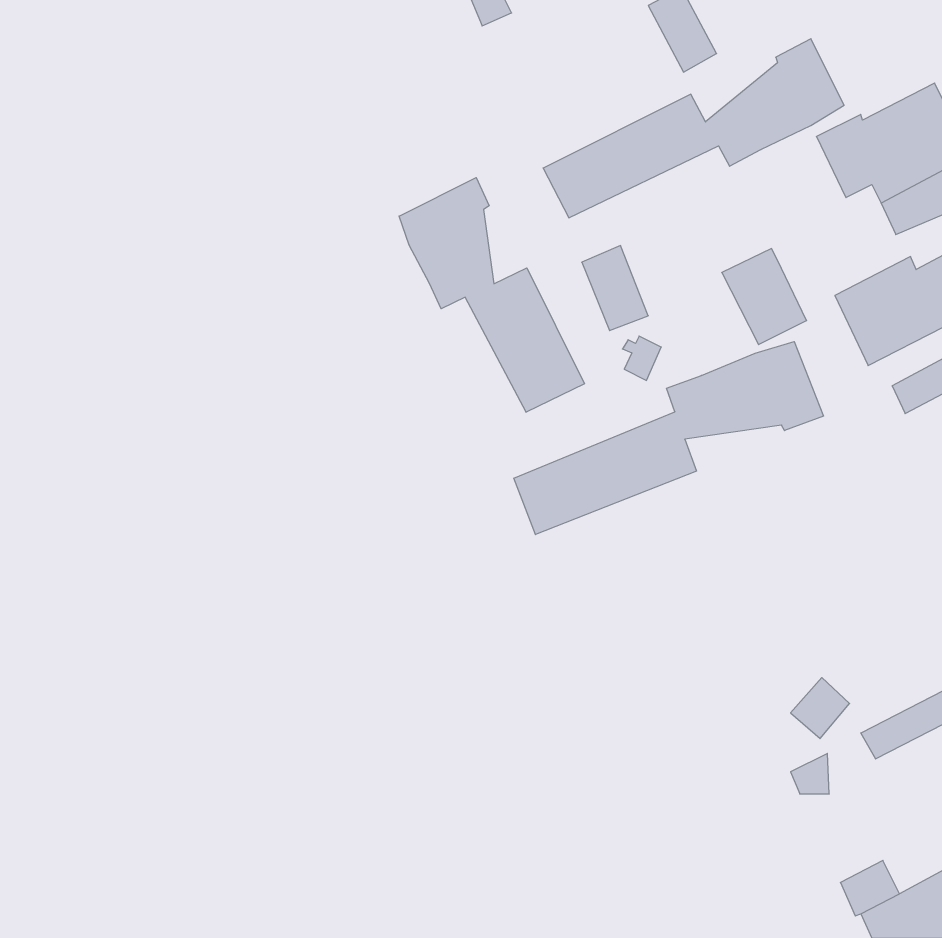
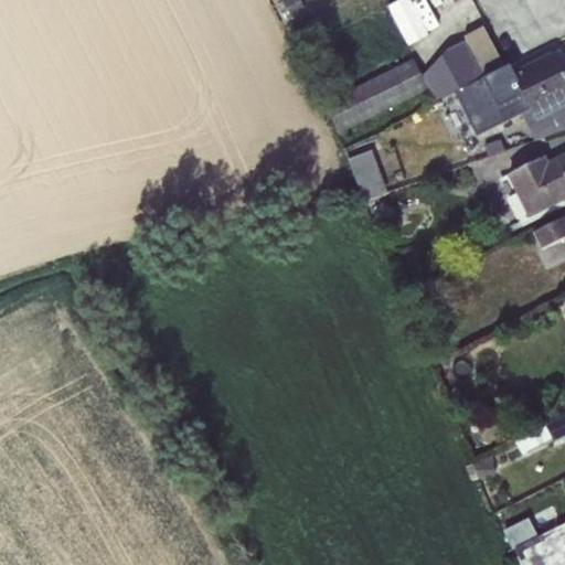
building: [399,178,585,412] -> none
building: [722,249,807,345] -> [456,75,507,132]
building: [514,342,824,535] -> none

